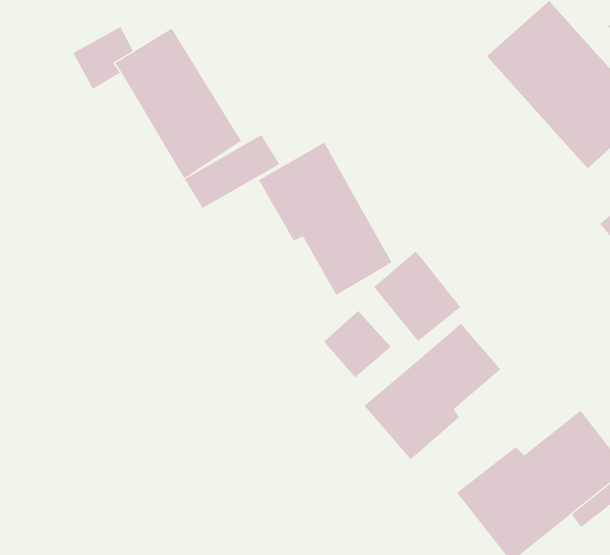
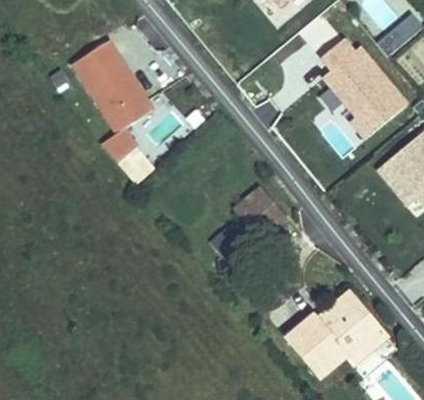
building: [258,142,393,296] -> none
building: [364,323,501,460] -> none

